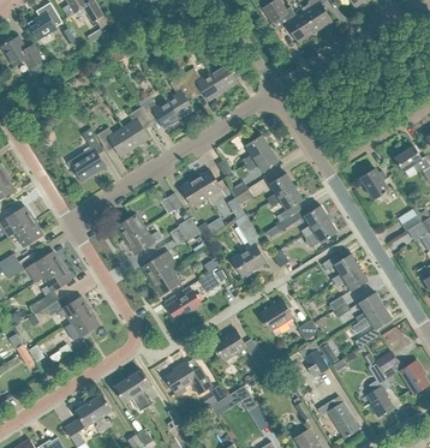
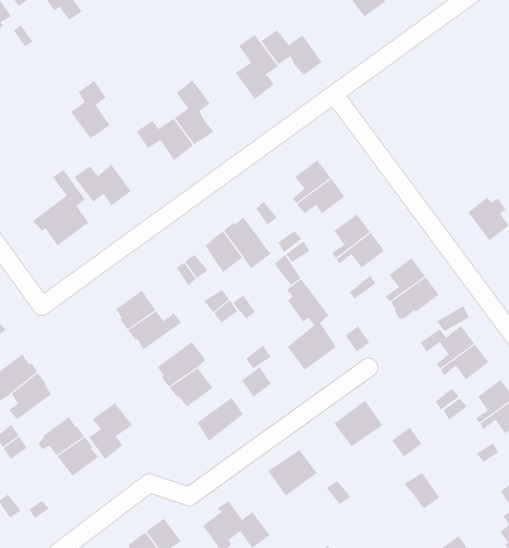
building: [181,67,222,100] -> [260,29,322,76]
building: [123,107,149,147] -> [70,80,110,139]
building: none -> [89,402,133,460]

